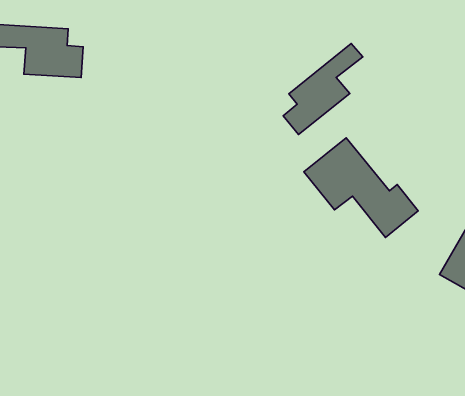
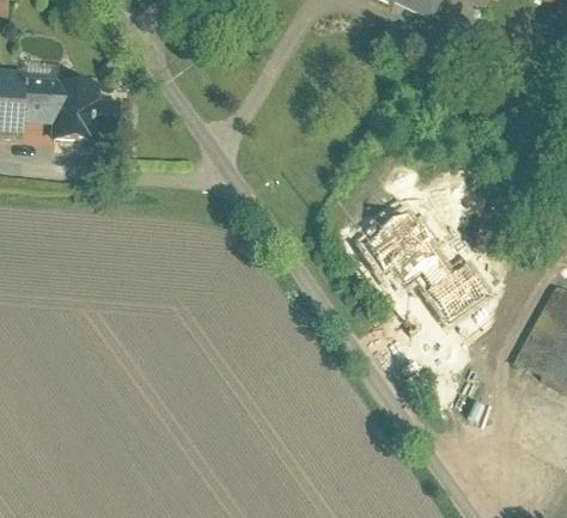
building: [283,44,363,134] -> none

